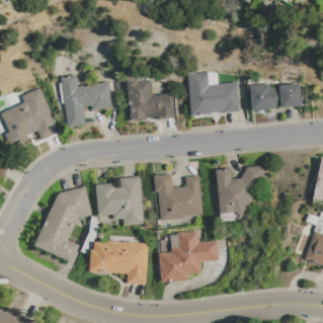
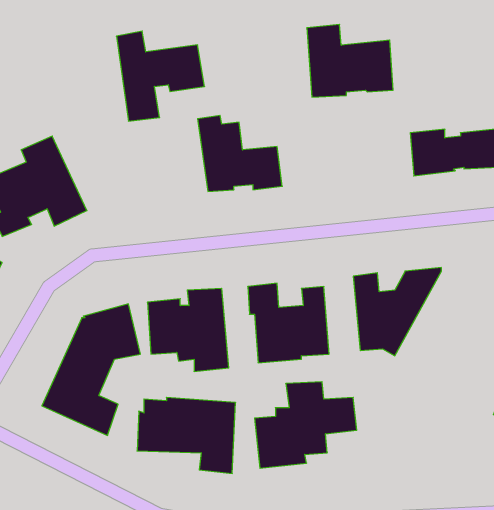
building: [187,72,238,114] -> [307,24,393,97]
building: [60,74,111,127] -> [116,31,205,121]

